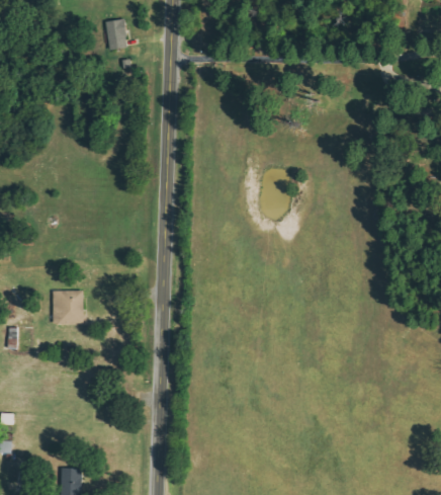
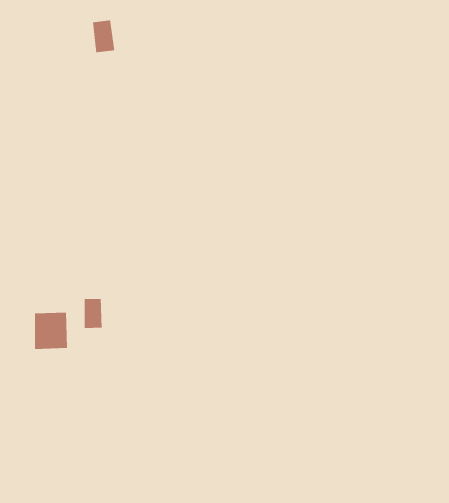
building: none -> [84,298,102,329]

